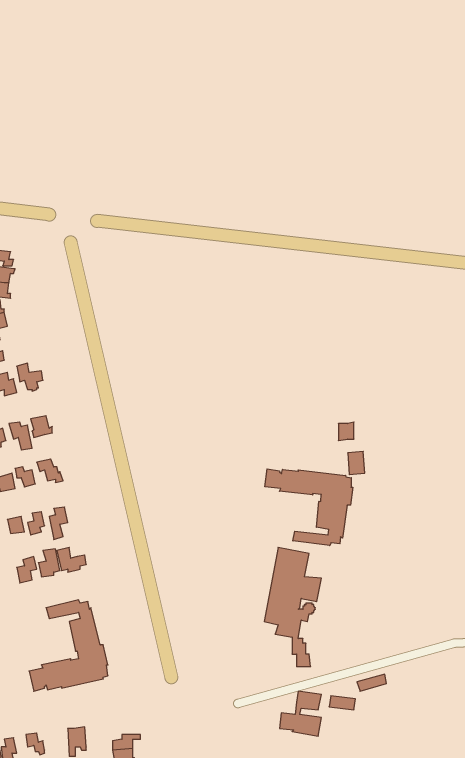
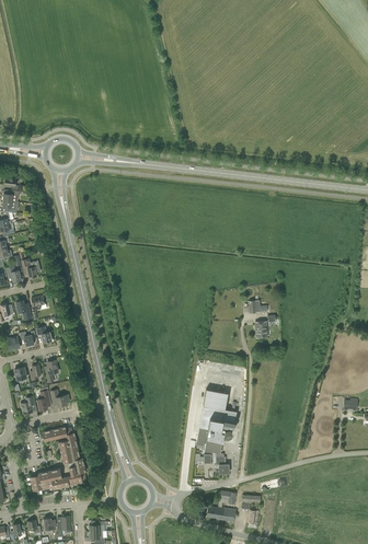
building: [265,469,353,546] -> none

